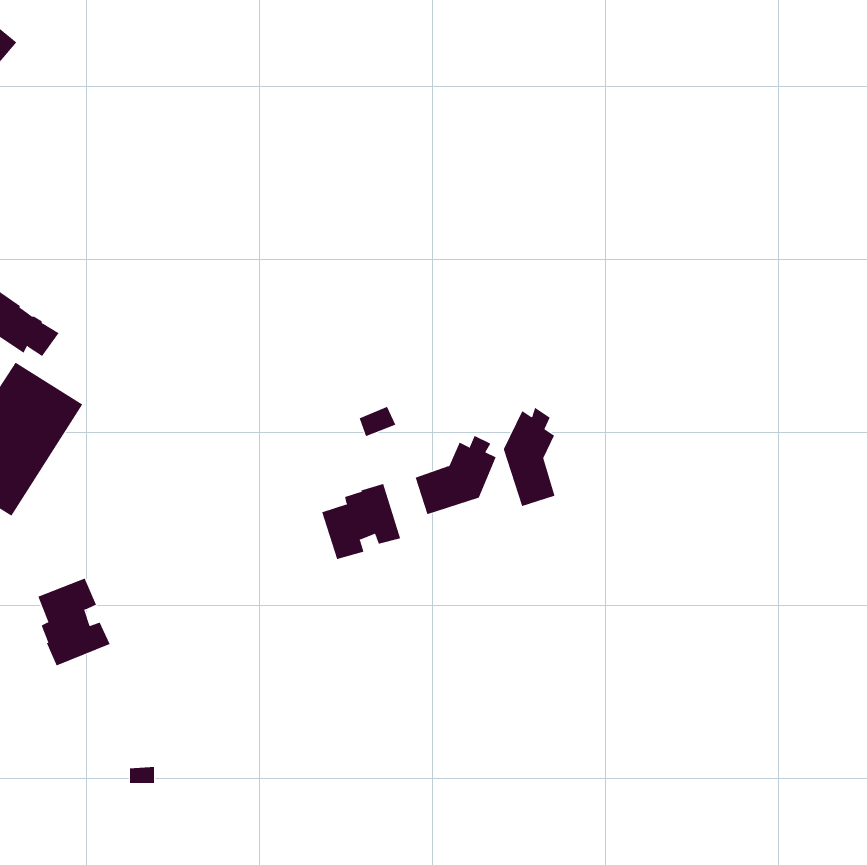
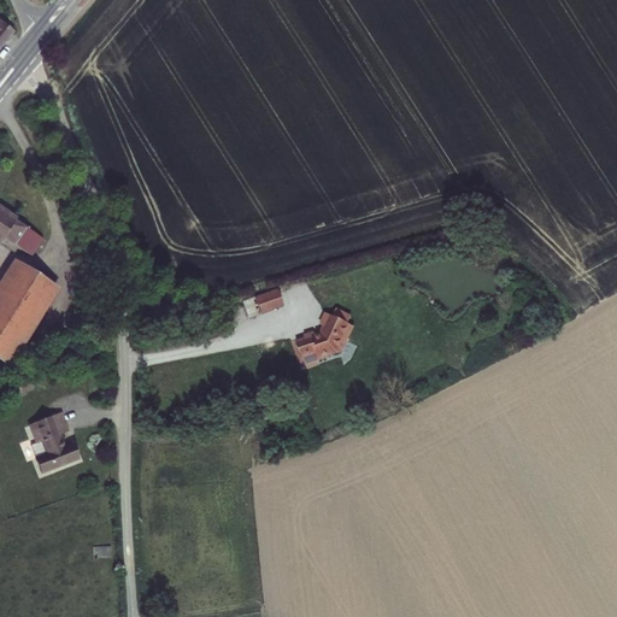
building: [503,407,555,507] -> none
building: [321,483,401,560] -> none

